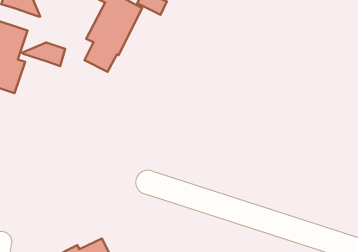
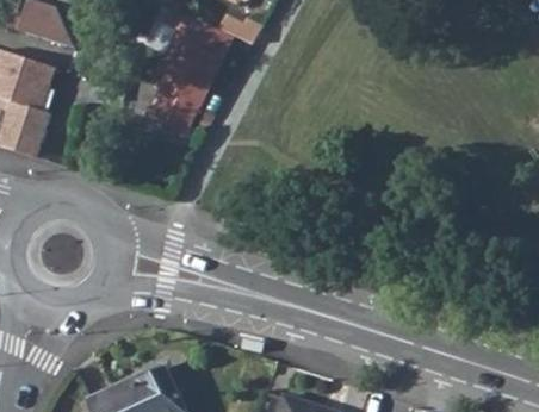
building: [22,43,65,66] -> none

